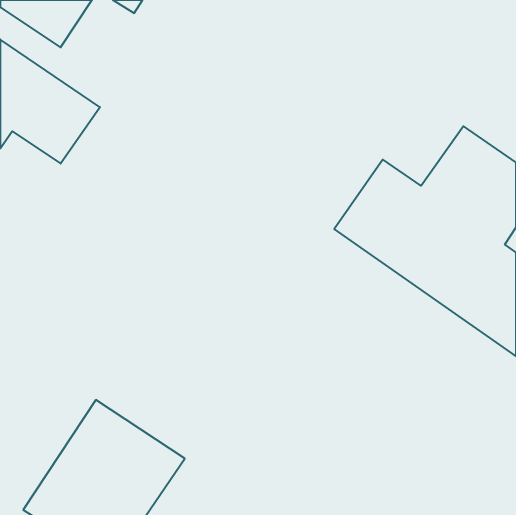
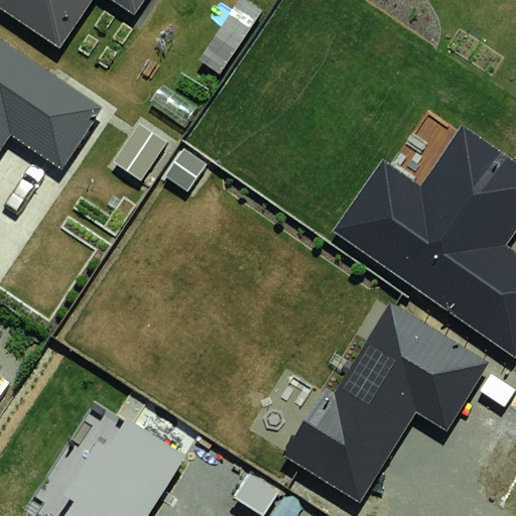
building: none -> [287,303,488,498]

